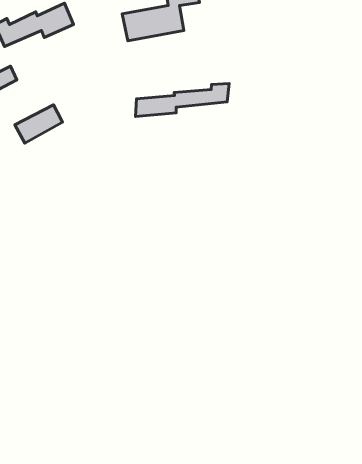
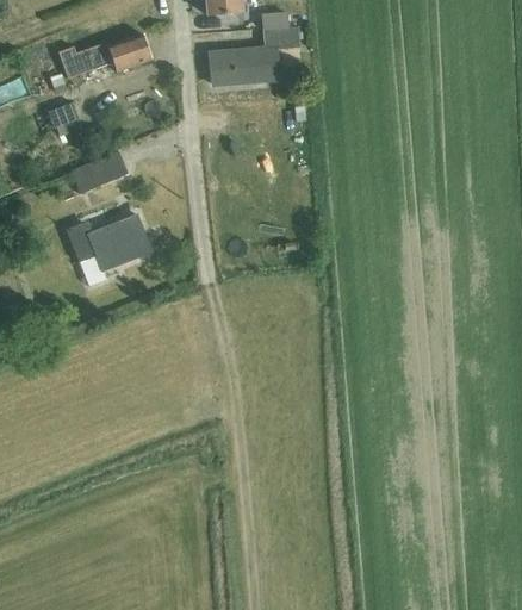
building: [136,83,229,117] -> none
building: none -> [67,213,151,285]

